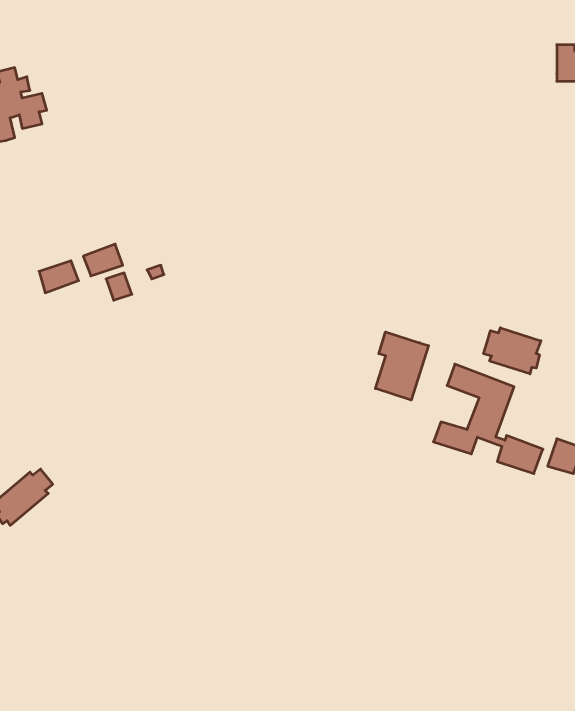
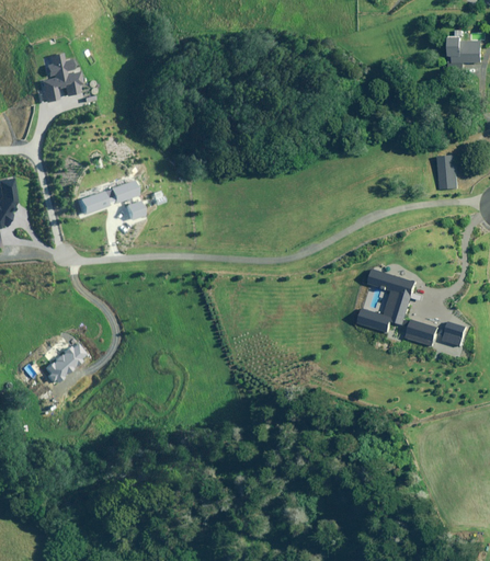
building: none -> [437,154,457,190]
building: [484,328,541,374] -> none
building: [375,332,429,400] -> none

